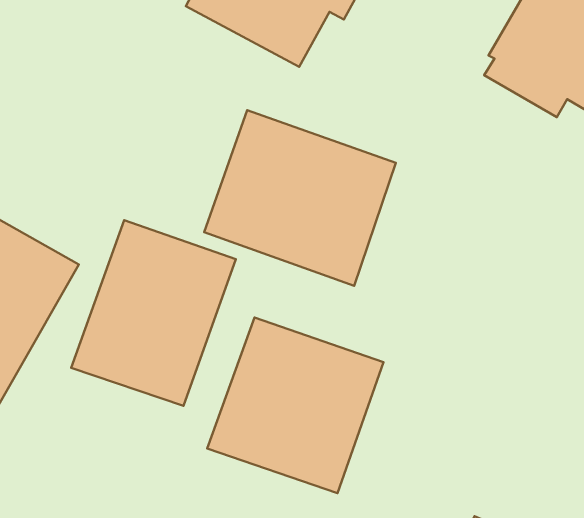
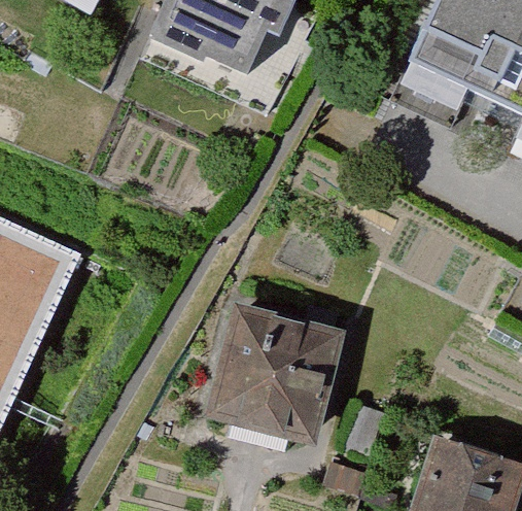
building: [204,110,396,286] -> none
building: [71,220,236,406] -> none

